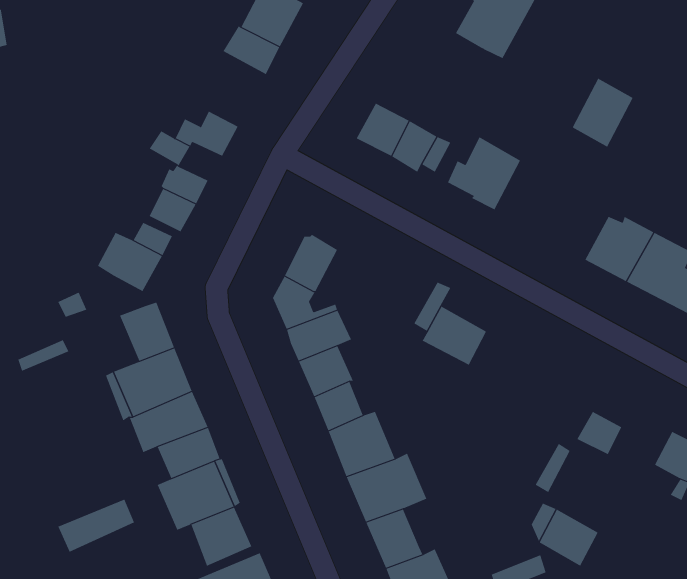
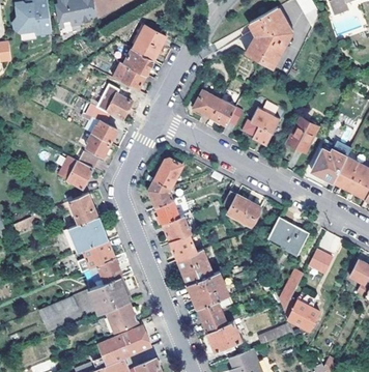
building: none -> [113,62,146,92]
building: [572,78,633,147] -> [285,117,317,153]
building: none -> [267,219,308,256]

